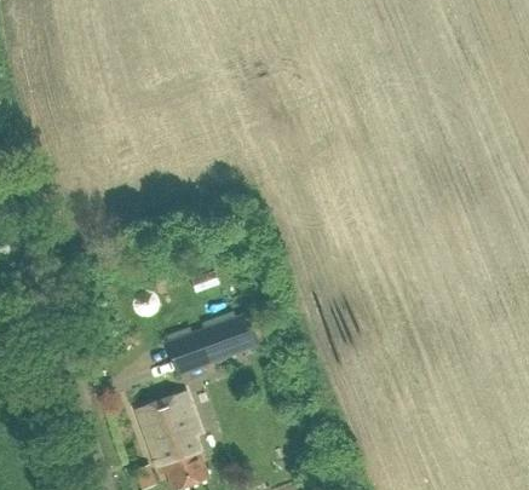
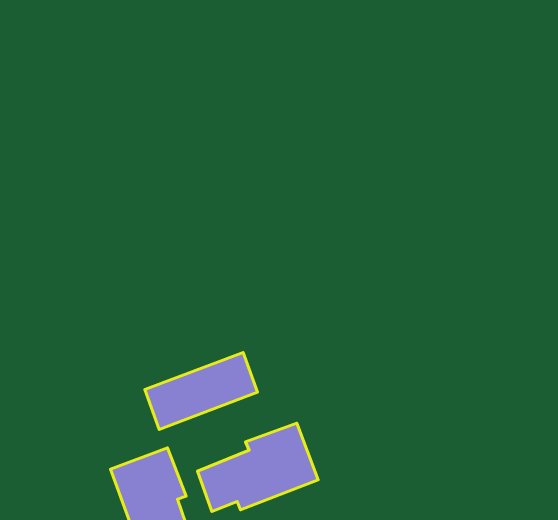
building: none -> [197,423,318,511]

